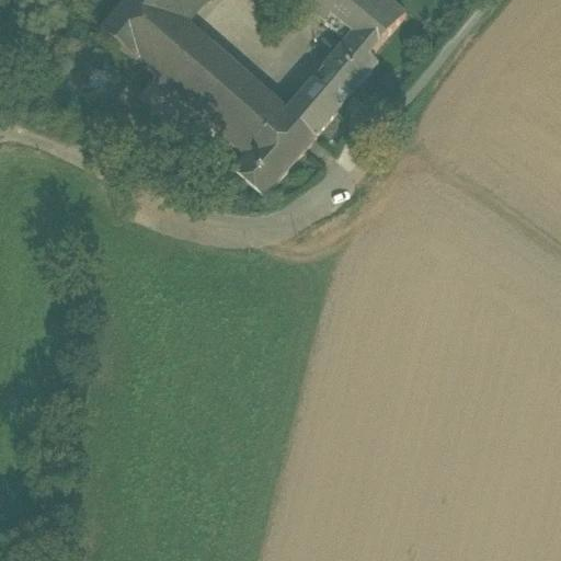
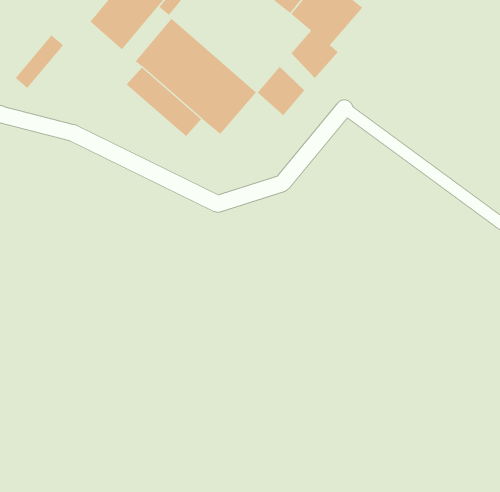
building: [139,8,194,68] -> [15,35,64,89]
building: [314,59,354,101] -> none
building: [236,103,319,192] -> none

